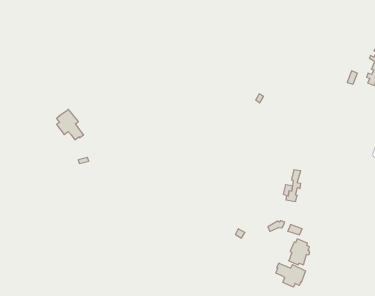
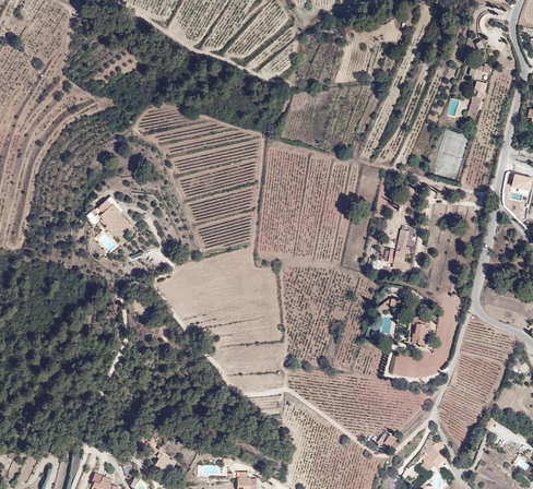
building: [276,263,306,287] -> none

